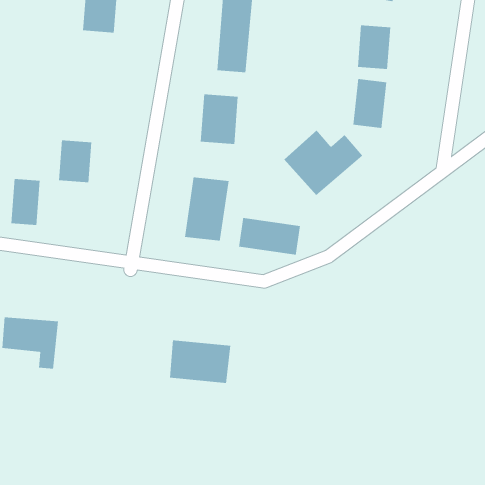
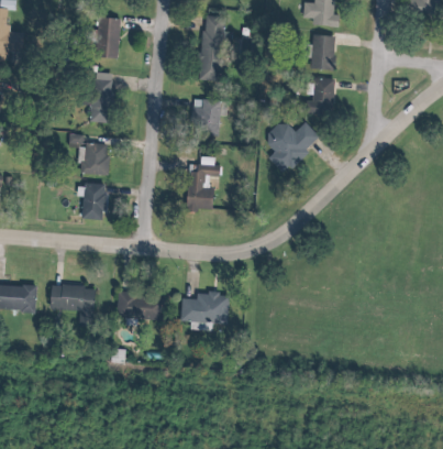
building: none -> [91,74,114,123]
building: [10,178,41,226] -> [85,185,106,220]
building: [238,217,301,256] -> none
building: none -> [118,292,166,321]

